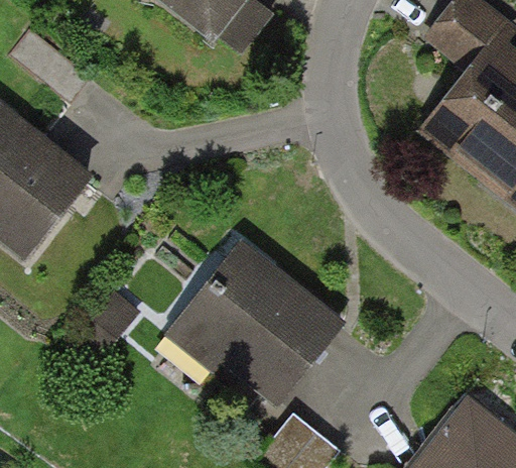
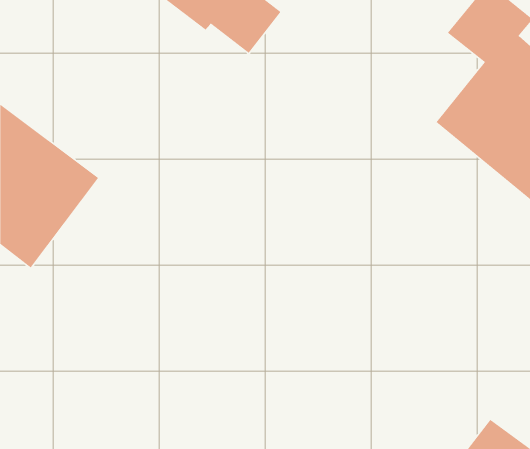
building: [175,245,342,406] -> none

